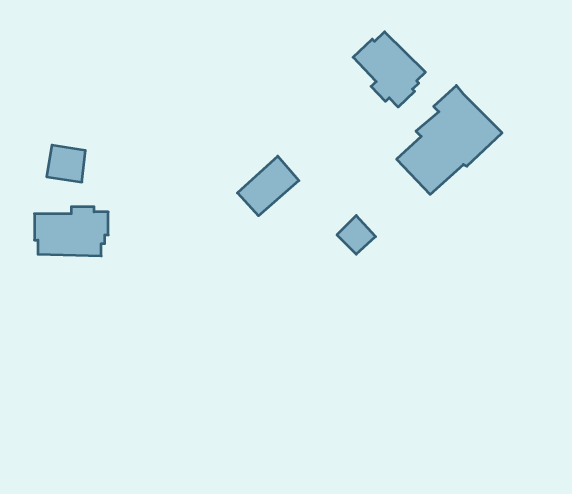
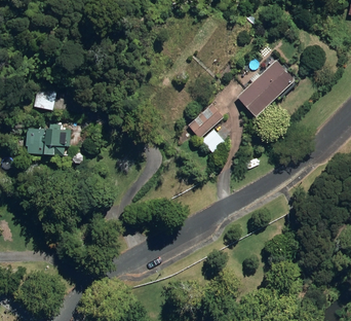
building: [353,32,425,107] -> none
building: [237,156,299,216] -> [189,102,225,137]

